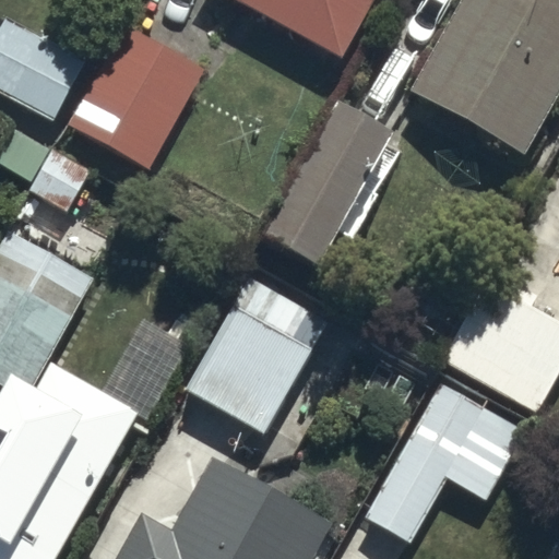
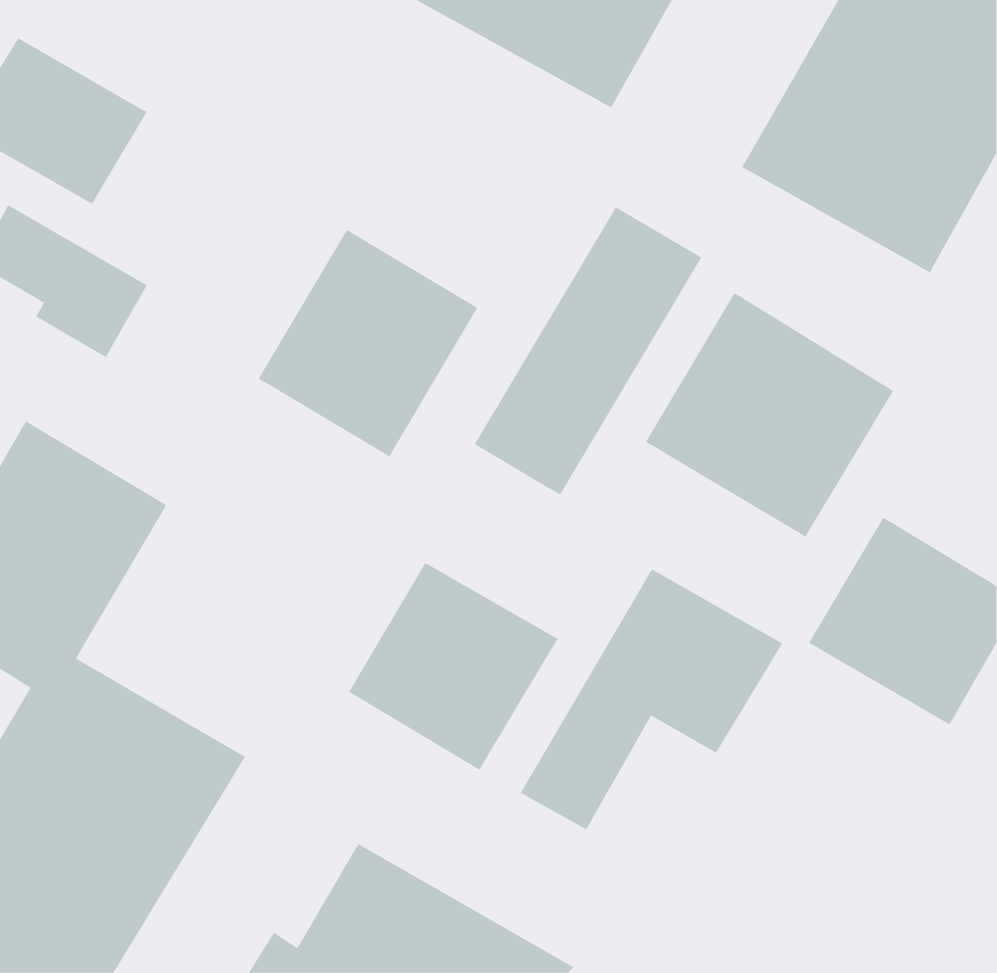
building: [76,36,199,163] -> [258,229,478,457]
building: none -> [645,292,894,538]
building: [371,385,518,531] -> [520,569,783,830]

